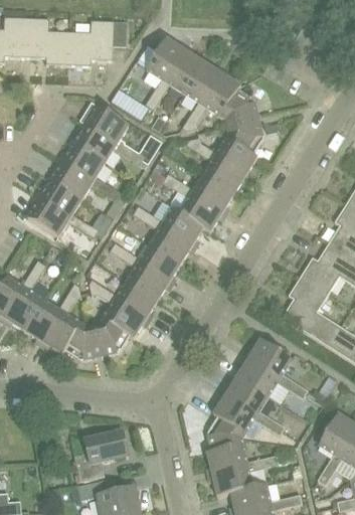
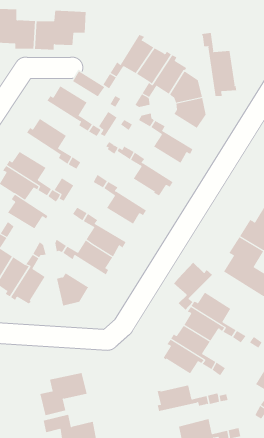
building: [146,38,186,81] -> none
building: none -> [201,32,237,97]
building: [73,123,120,163] -> none
building: [213,138,256,178] -> none
building: [50,159,97,199] -> [7,194,48,229]
building: [190,175,233,215] -> none
building: [160,206,203,247] -> none
building: [137,244,180,284] -> none
building: [103,299,149,338] -> none
building: none -> [173,262,213,311]
building: [63,323,100,360] -> none
building: [204,416,244,453] -> none
building: [208,466,265,496] -> none

